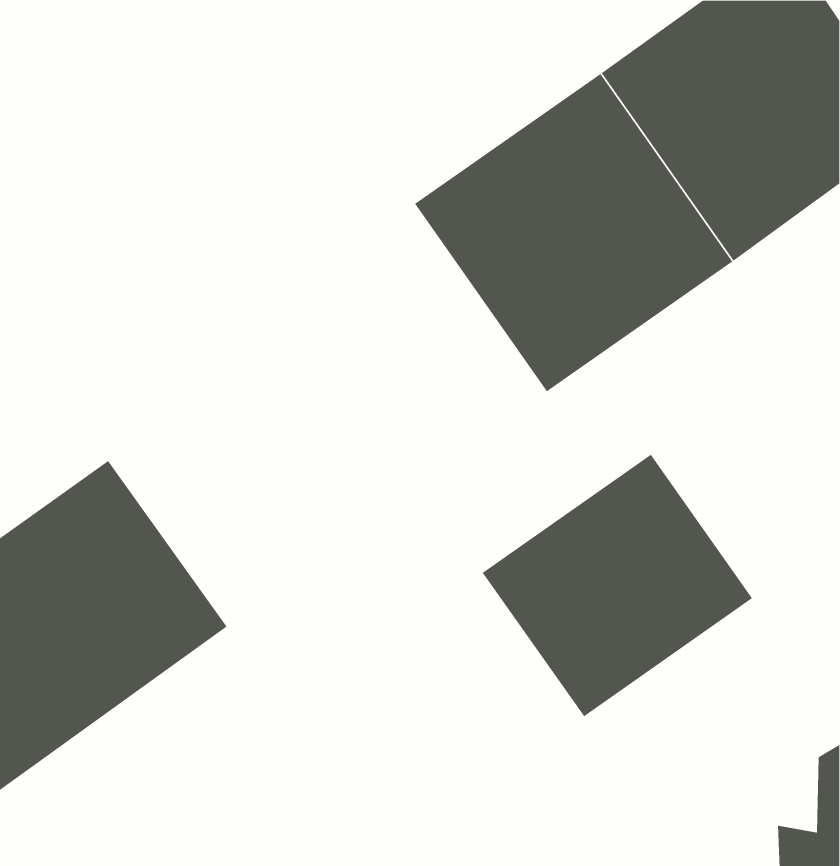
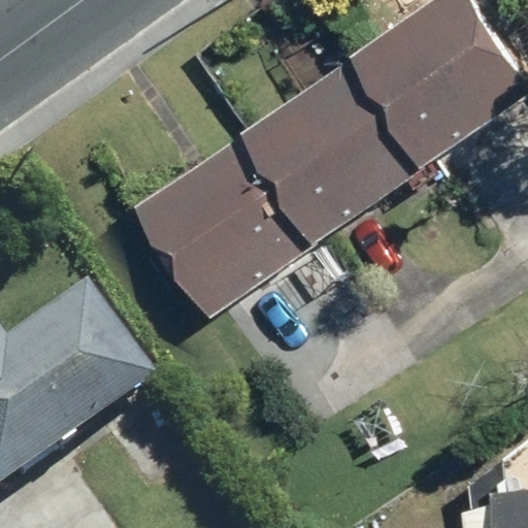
building: none -> [138,125,332,318]
building: [482,454,753,717] -> none

